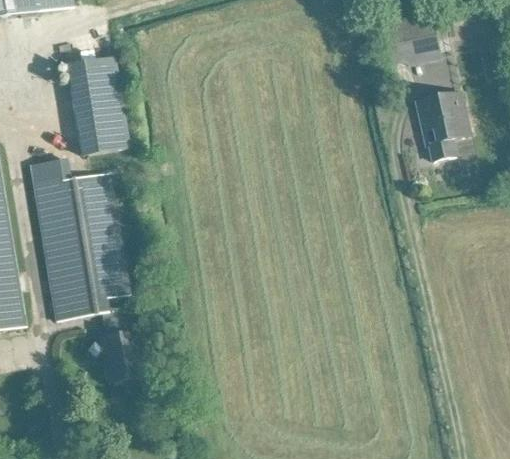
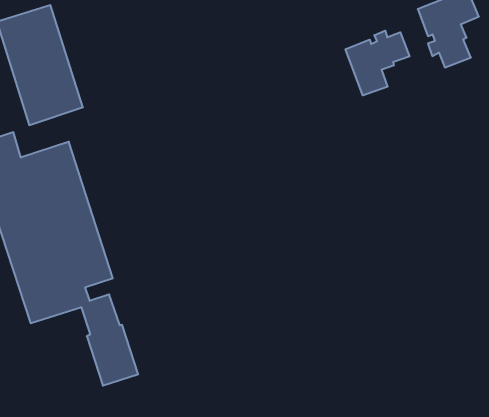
building: none -> [346,31,410,95]

